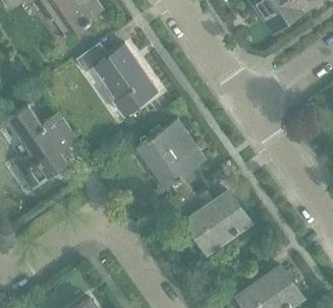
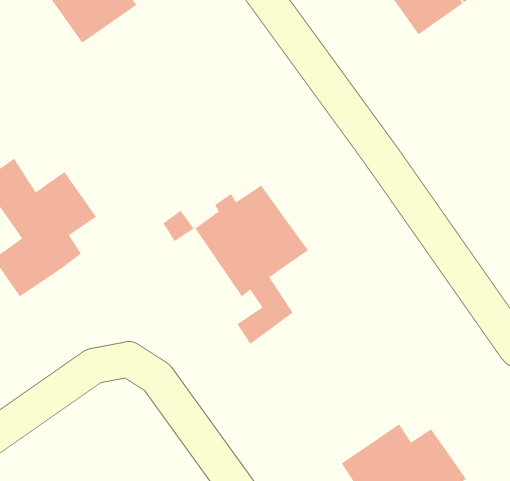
building: [75,45,158,110] -> none
building: [173,191,249,252] -> none

